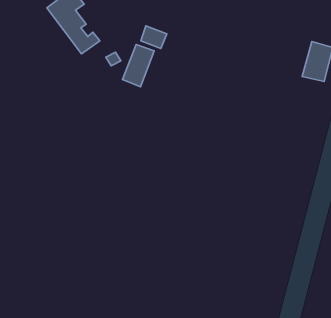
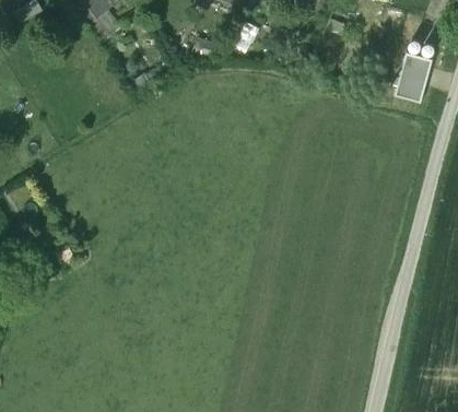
building: [122,44,154,87] -> none

